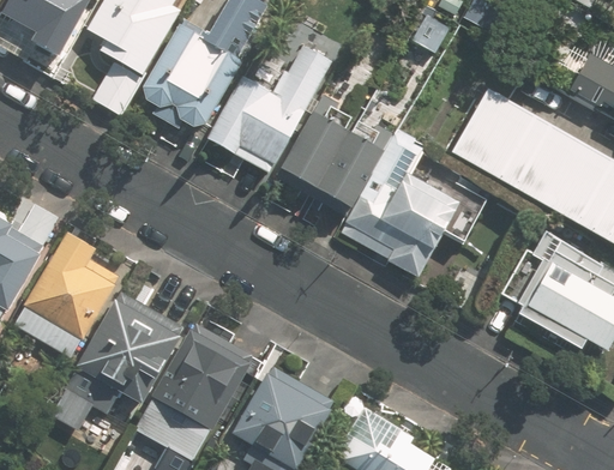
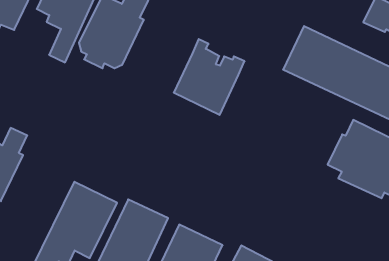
building: [204,44,331,176] -> none
building: [342,129,488,281] -> none
building: [16,228,118,352] -> none

